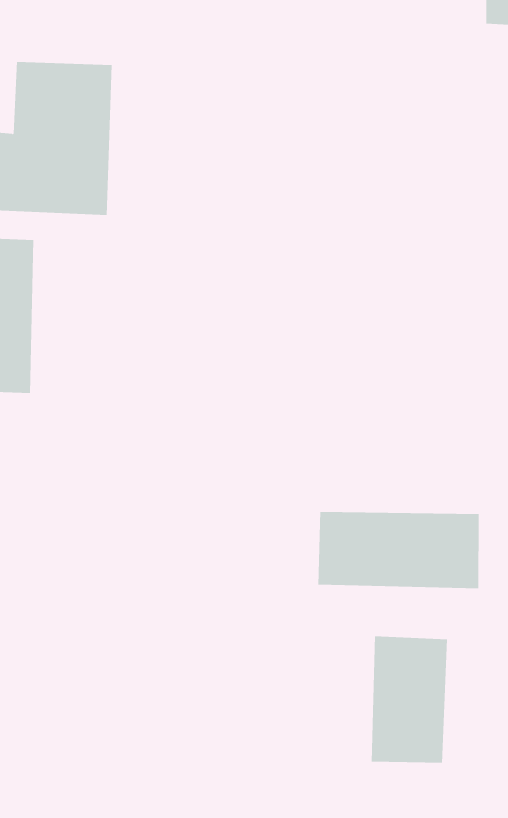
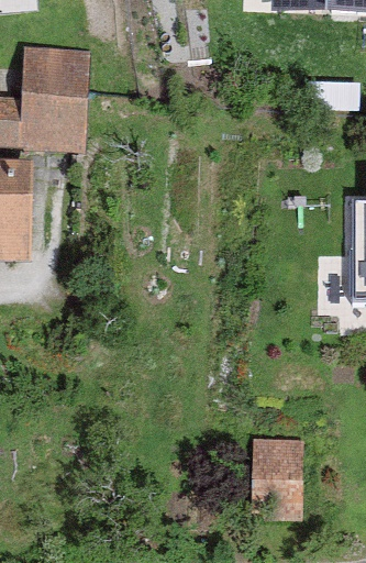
building: [318,511,479,589] -> none

